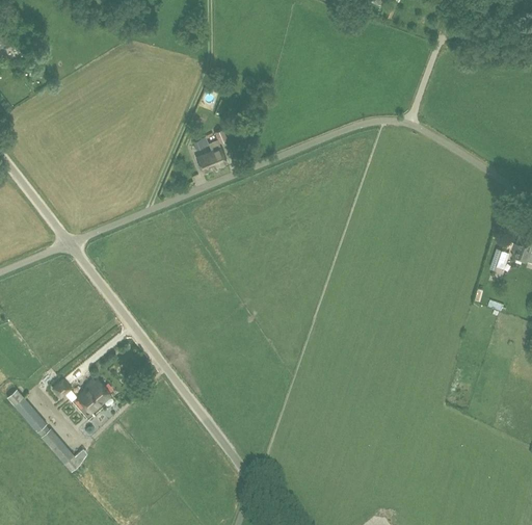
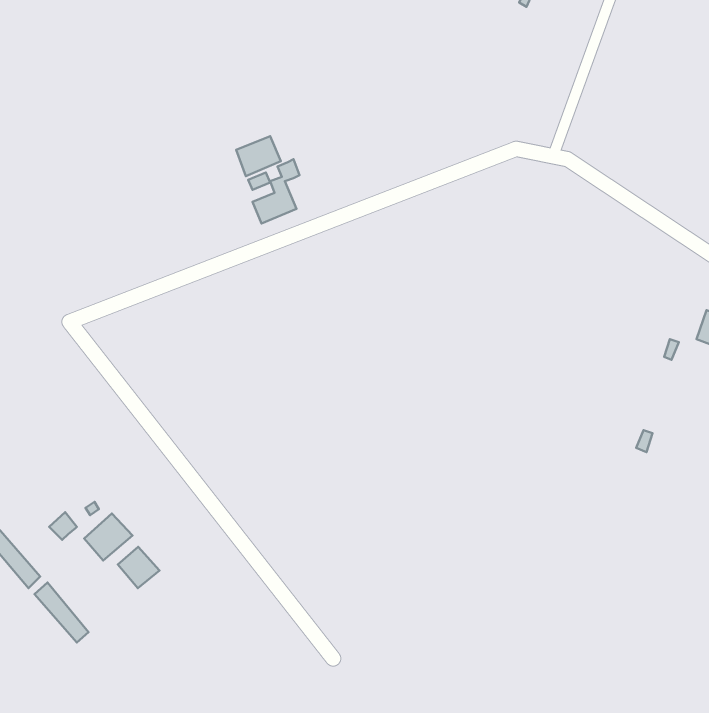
building: none -> [236,136,281,176]
building: none -> [118,547,159,588]

